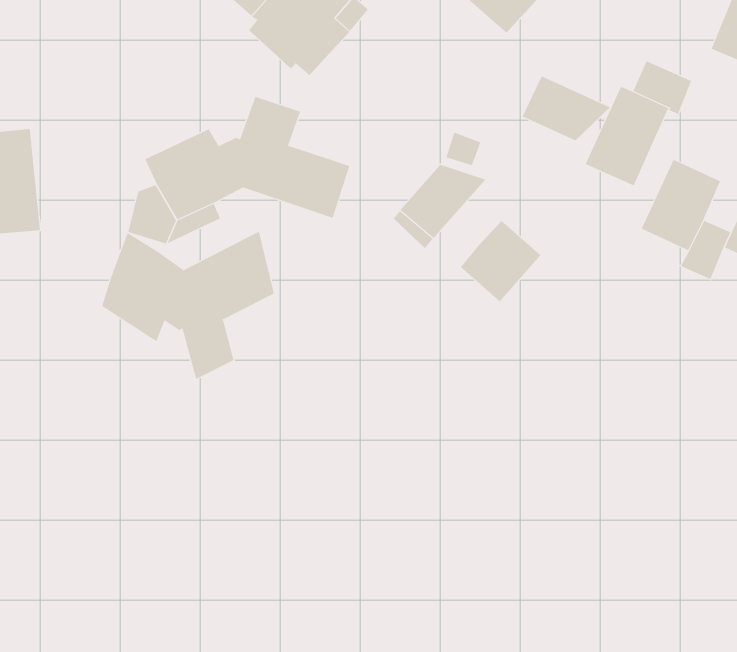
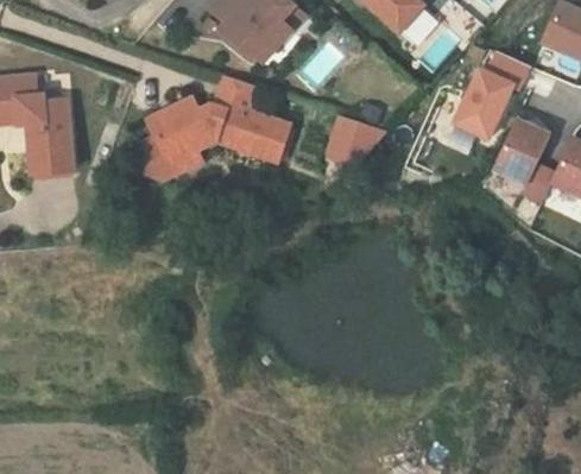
building: [522,75,611,141] -> none
building: [460,220,541,302] -> none
building: [102,231,274,380] -> none

